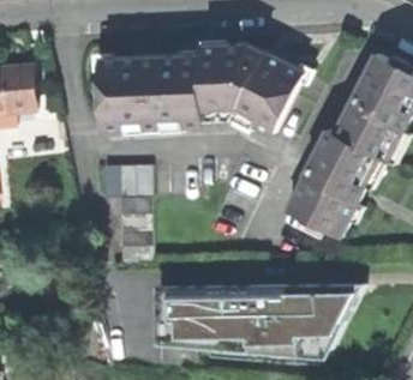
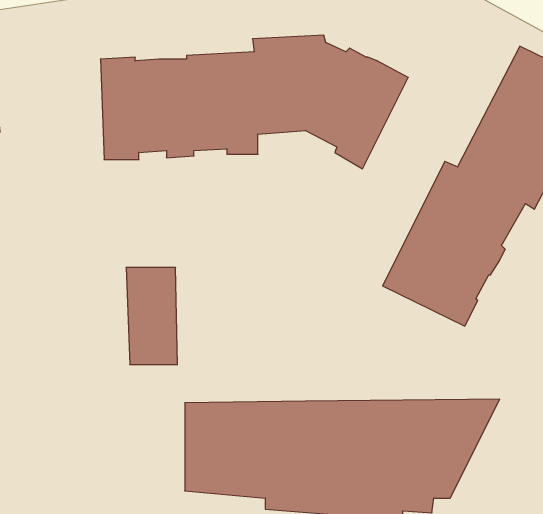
building: [102,163,151,195] -> none

